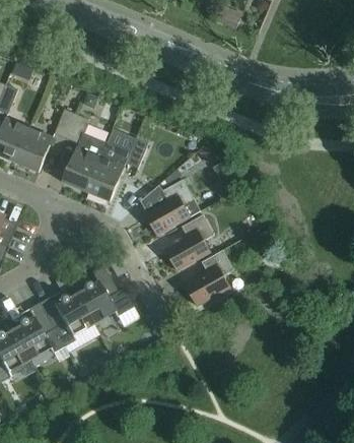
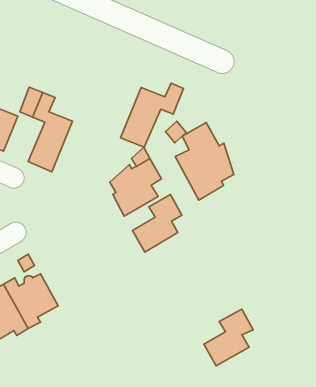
building: [86,137,148,200] -> [121,83,183,147]
building: none -> [175,123,234,200]
building: [186,249,234,305] -> [204,309,253,366]
building: [75,265,133,323] -> none

